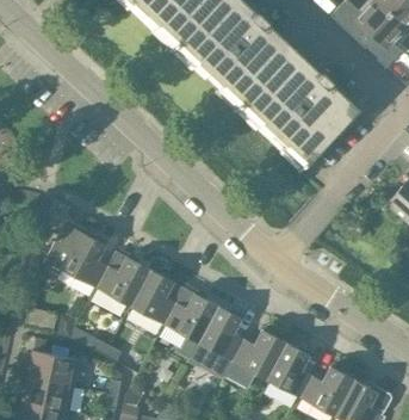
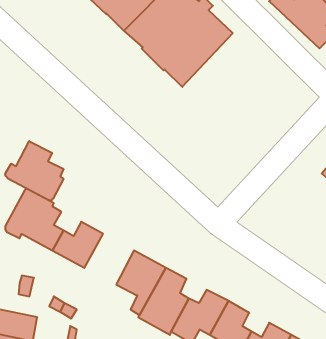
building: [236,50,355,168] -> none
building: none -> [5,141,63,201]
building: [130,268,184,323] -> none

